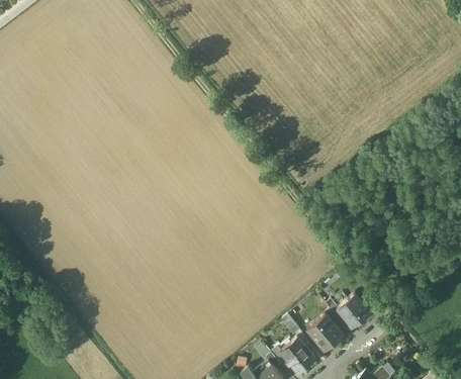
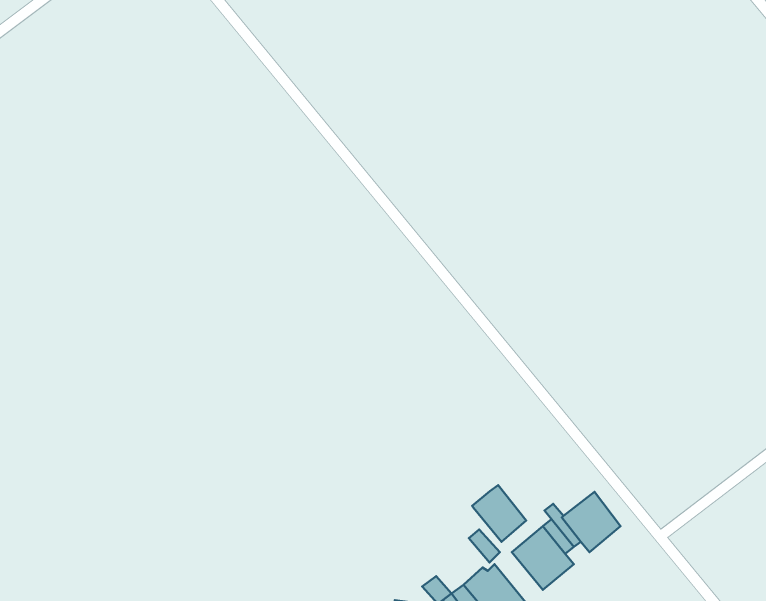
building: none -> [472,485,526,542]

